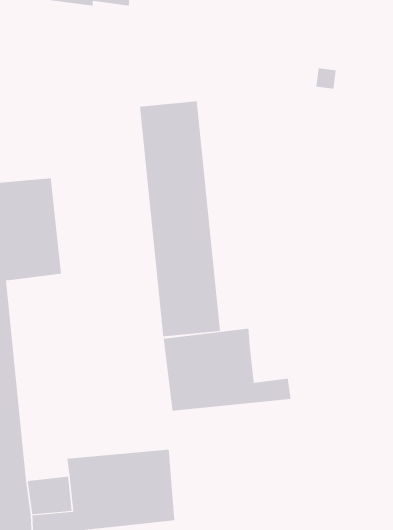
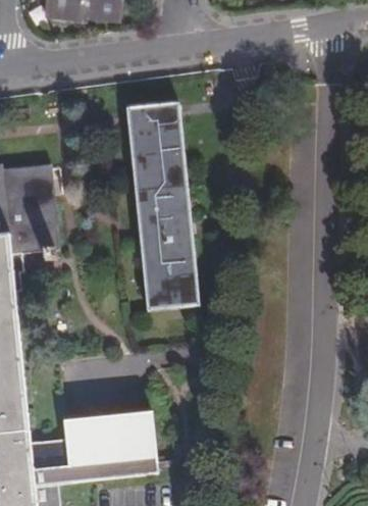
building: [163,328,291,412] -> none

